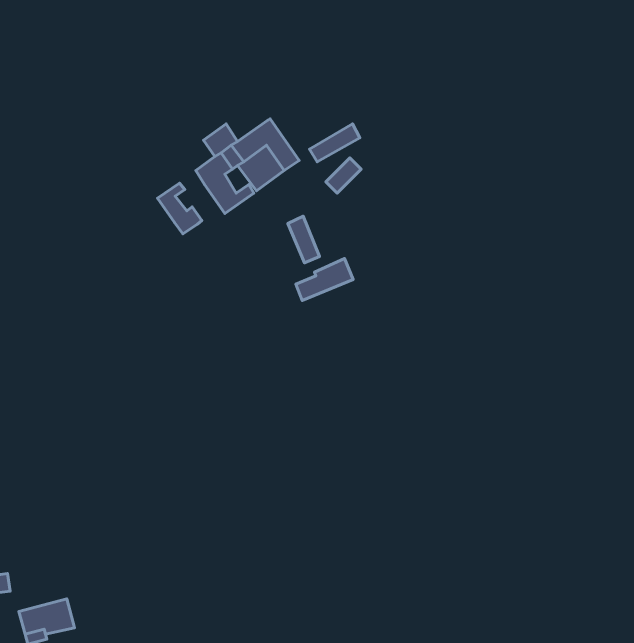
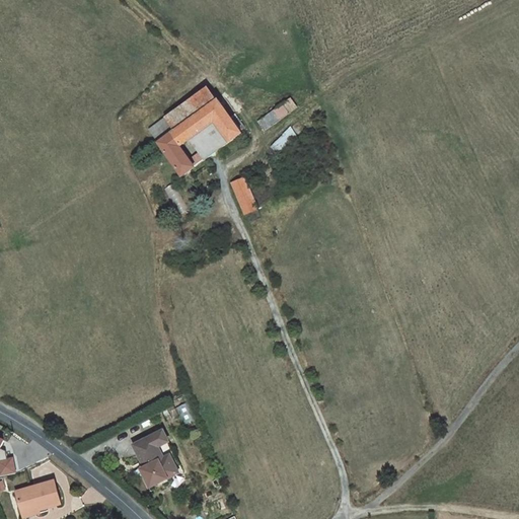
building: none -> [181,85,215,116]
building: [158,183,202,234] -> none
building: [296,259,353,301] -> none
building: none -> [131,431,175,479]

